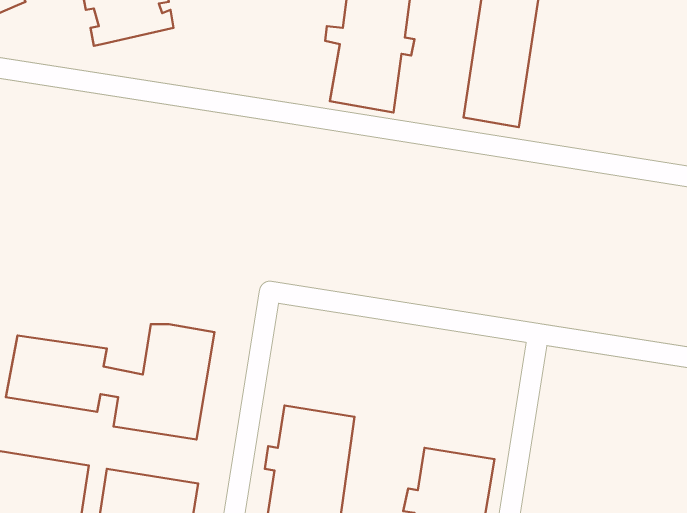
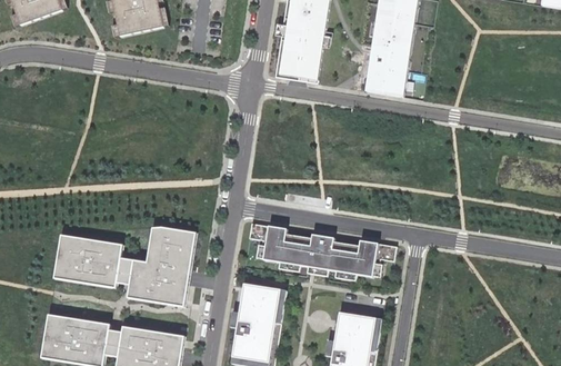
building: none -> [247,222,394,280]

